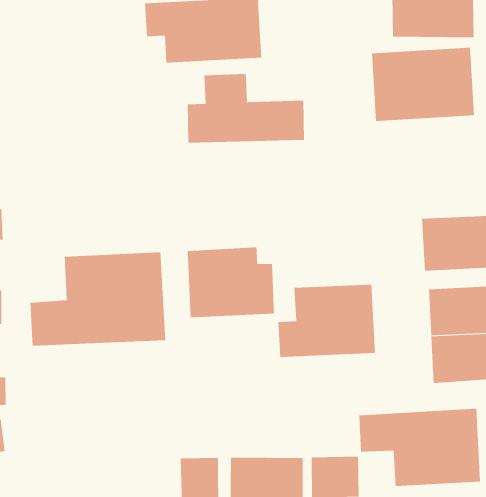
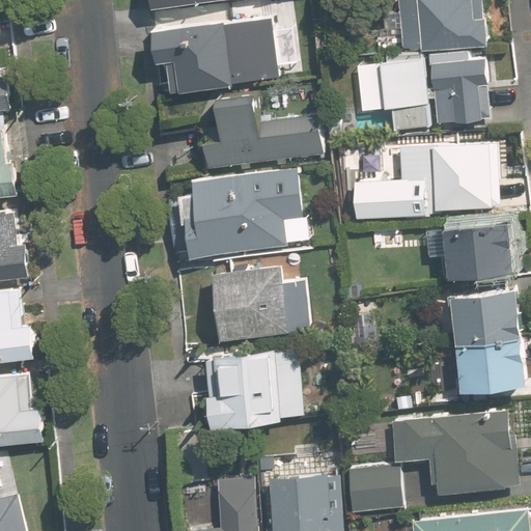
building: none -> [363,145,500,219]
building: none -> [183,171,304,257]
building: [30,252,166,347] -> none
building: [278,284,376,358] -> [207,350,307,428]

